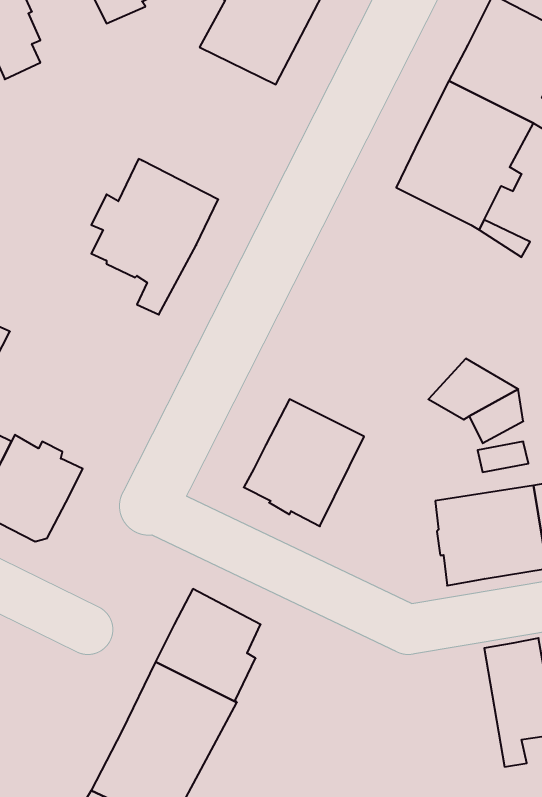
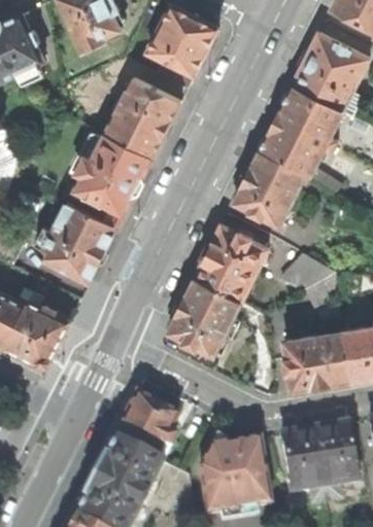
building: none -> [105,76,180,156]
building: none -> [233,149,305,225]
building: none -> [34,202,115,282]
building: none -> [195,224,267,301]
building: none -> [279,429,326,503]
building: none -> [199,437,270,515]

